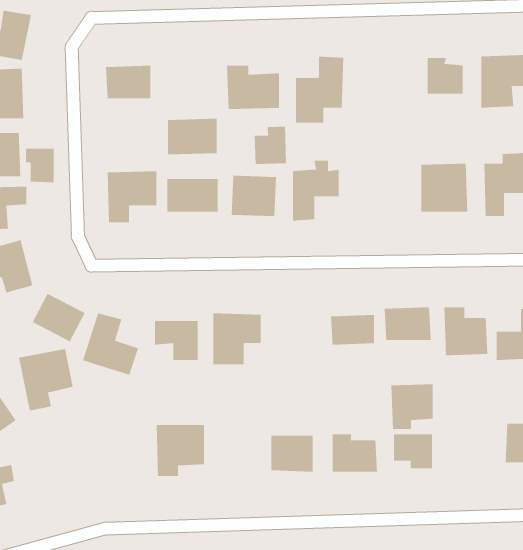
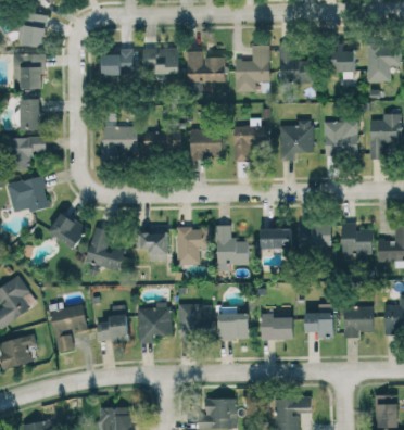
building: none -> [278,43,308,84]
building: [167,118,218,155] -> [142,48,178,74]
building: [254,126,287,165] -> none
building: [25,148,54,183] -> none
building: none -> [278,119,313,161]
building: none -> [216,225,248,271]
building: [18,348,73,411] -> [48,304,87,349]
building: [390,384,433,430] -> [342,305,373,338]
building: none -> [178,304,210,341]
building: none -> [97,305,127,342]

